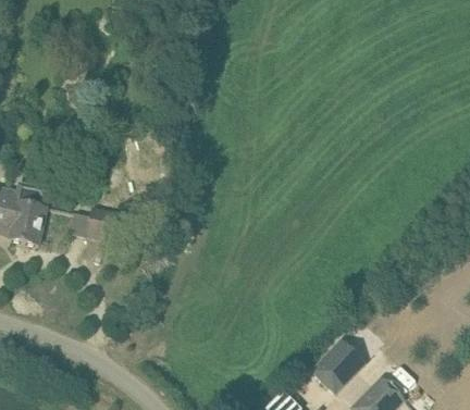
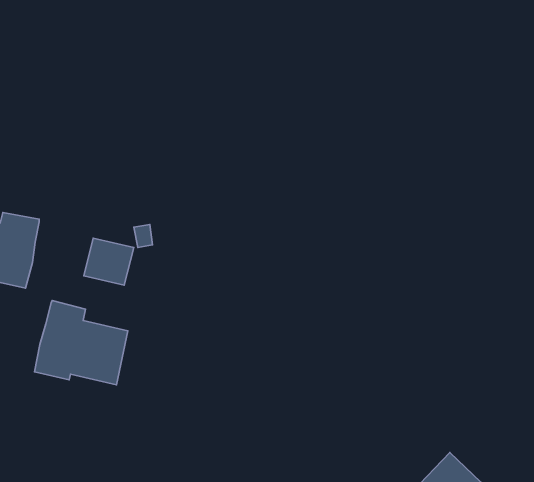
building: none -> [34,300,128,385]
building: [311,340,364,394] -> none

